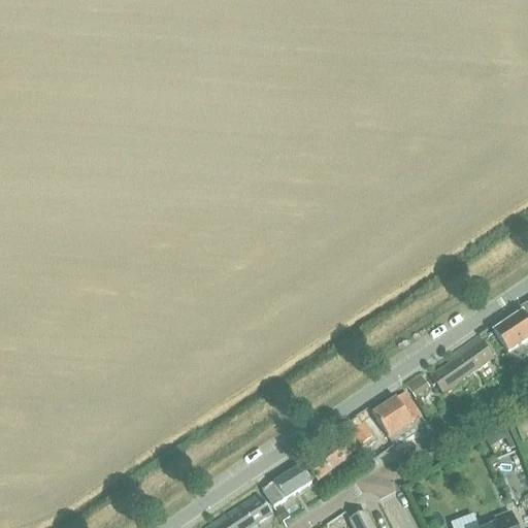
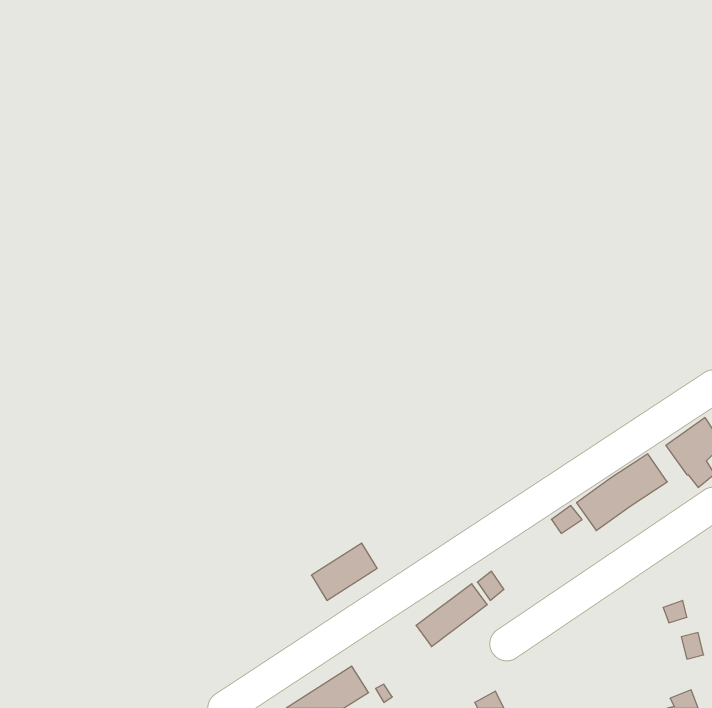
building: [373,391,422,436] -> none
building: [264,463,312,505] -> [311,543,377,600]

